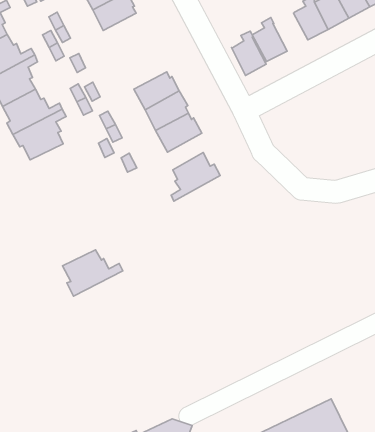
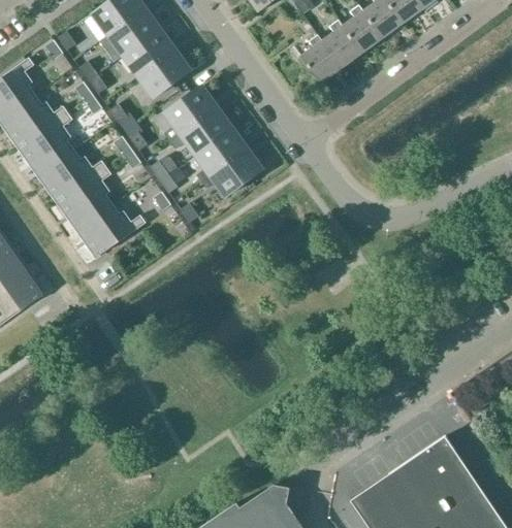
building: none -> [138,52,189,97]
building: [232,31,266,75] -> [321,21,361,69]
building: none -> [165,88,214,134]
building: [171,153,220,201] -> none
building: [63,250,123,296] -> [79,204,146,258]

